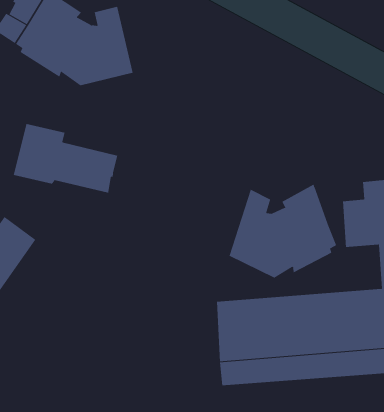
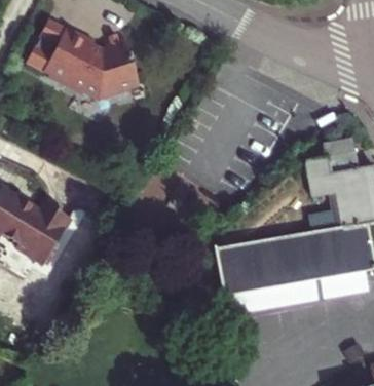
building: [13,123,118,194] -> none
building: [229,184,337,278] -> none

